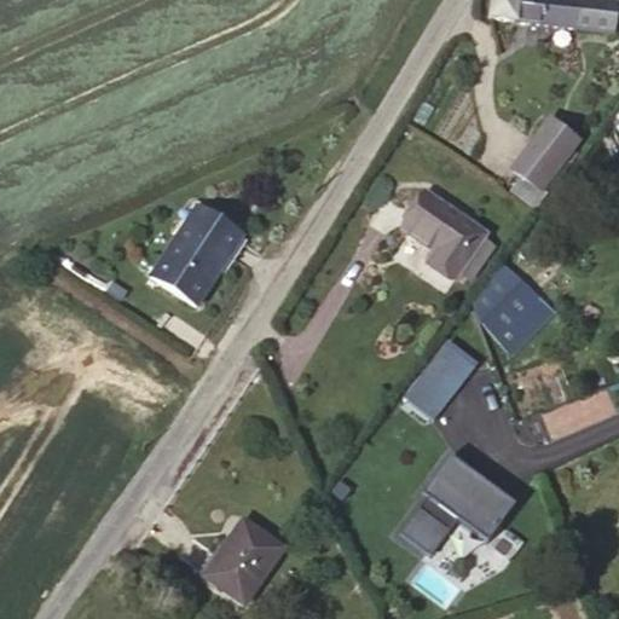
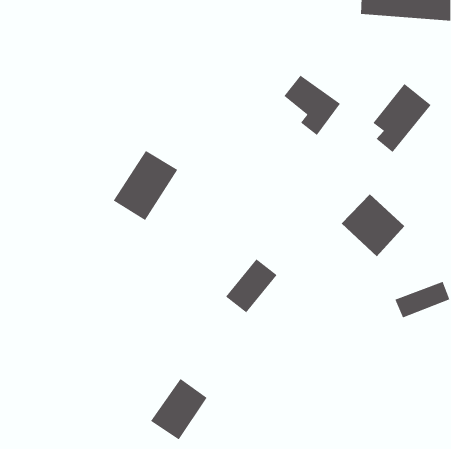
building: [407,193,486,277] -> [284,75,341,136]
building: [403,345,474,420] -> [225,259,277,313]
building: [398,461,514,567] -> none

